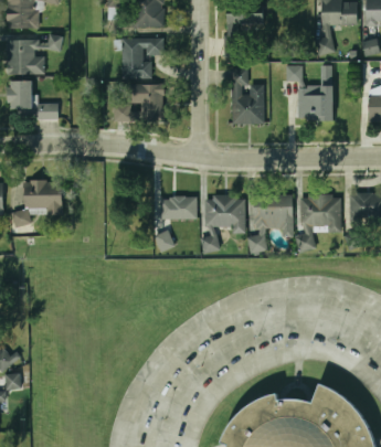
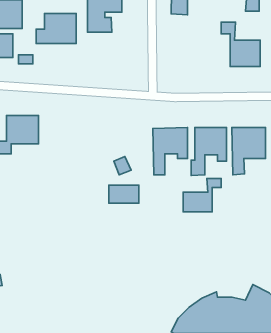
building: [231,67,264,123] -> none
building: [114,84,162,120] -> [36,14,76,44]
building: [159,196,195,219] -> [109,185,139,203]
building: none -> [183,178,221,212]

